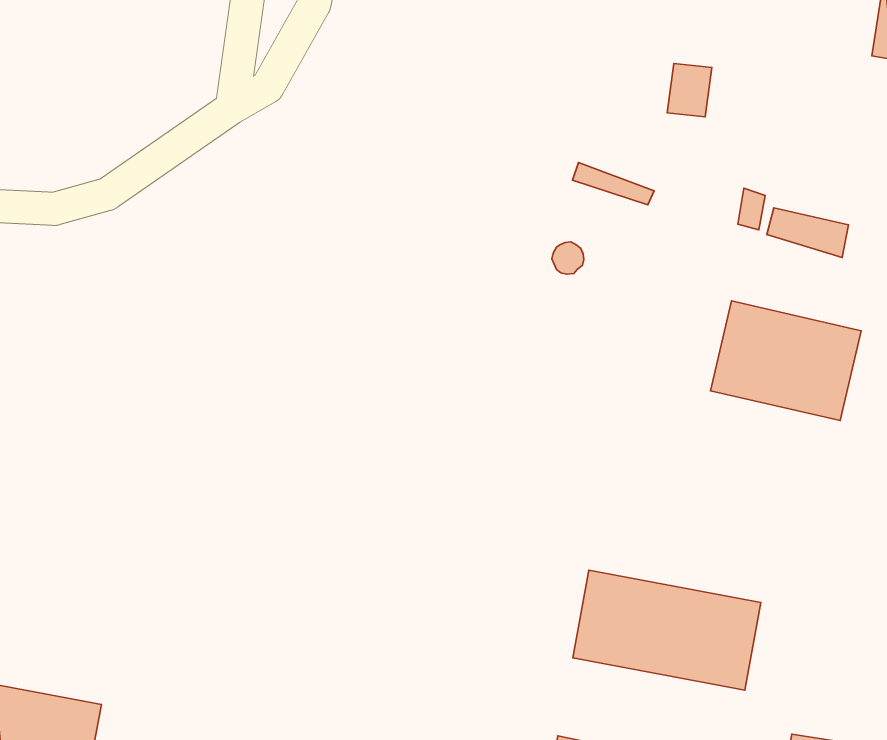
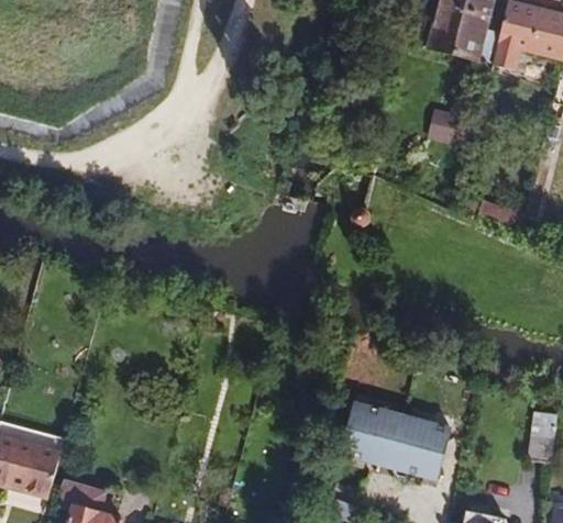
building: [710,301,861,421] -> none

